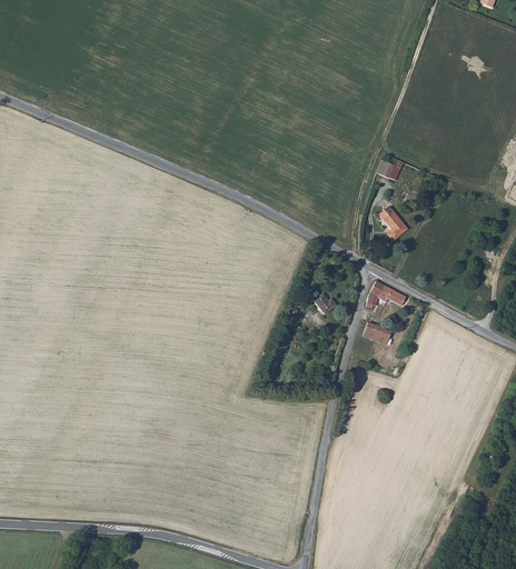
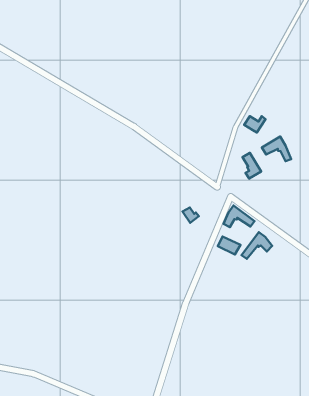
building: none -> [262,136,291,161]
building: none -> [242,232,272,259]

